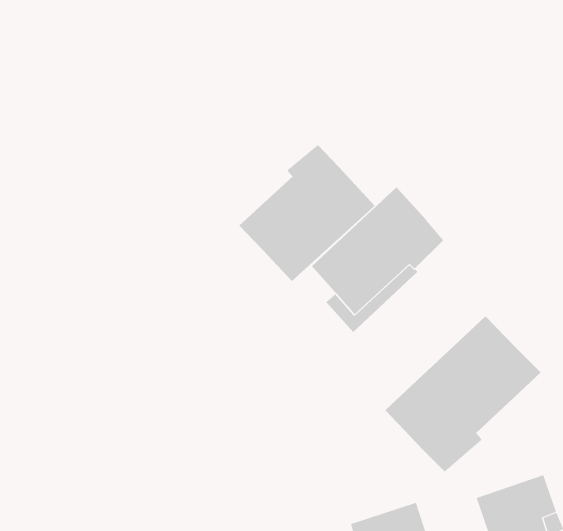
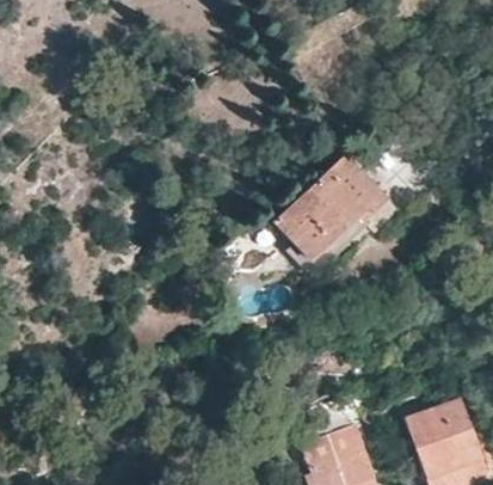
building: [239,144,376,282] -> none
building: [384,316,541,473] -> none

